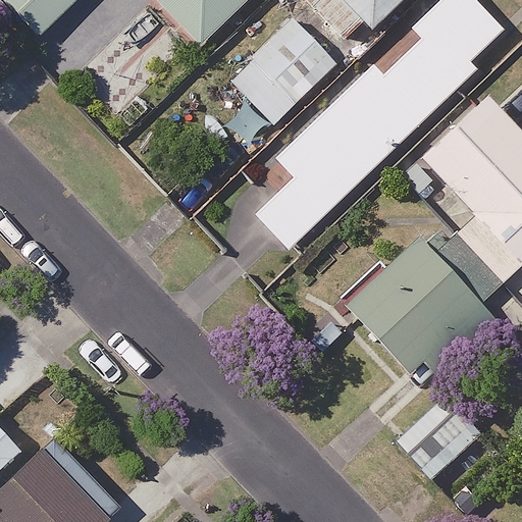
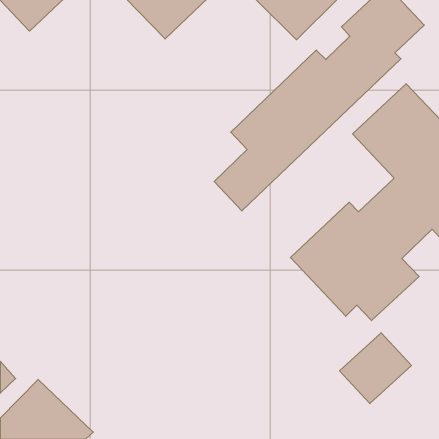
building: [230,15,341,124] -> none

